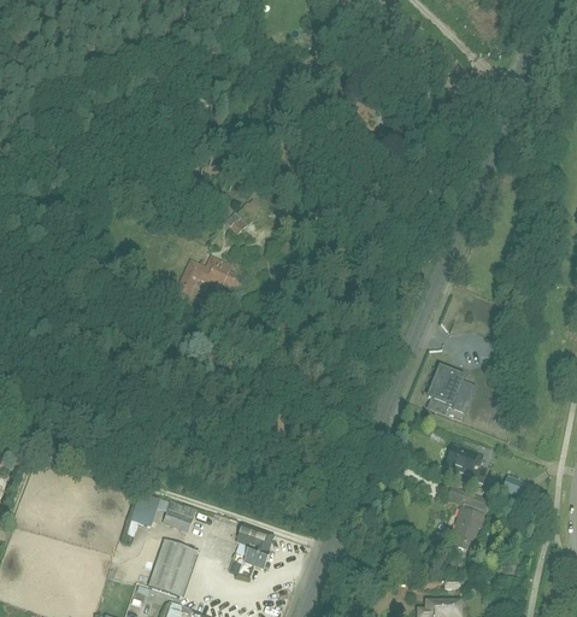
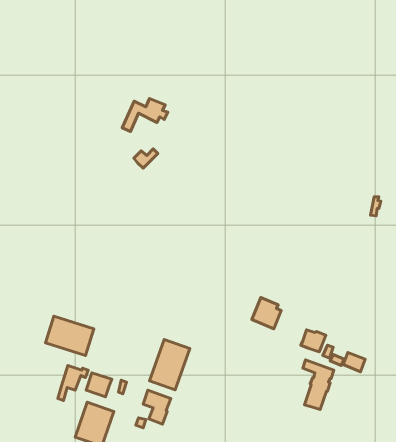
building: [175,257,235,300] -> [122,99,168,132]
building: [428,366,466,407] -> [252,297,281,329]
building: none -> [45,316,94,356]
building: none -> [149,339,190,390]

